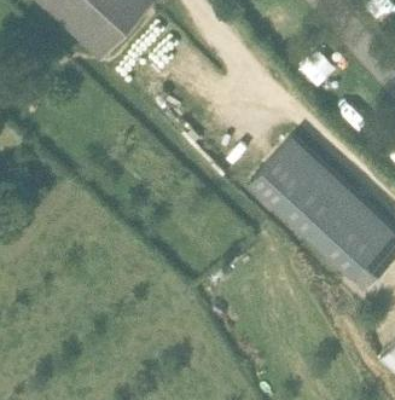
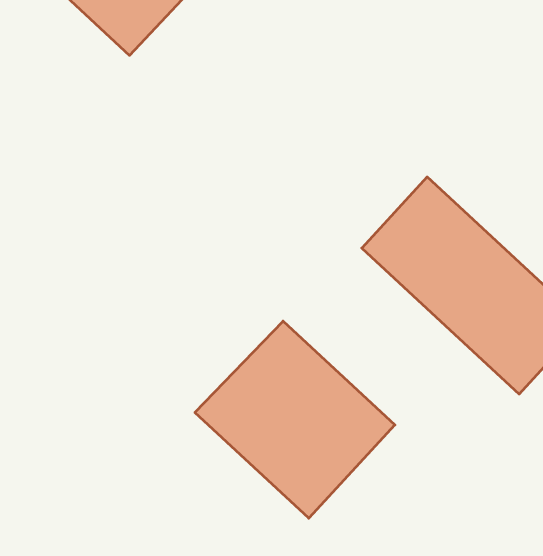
building: none -> [195,321,395,518]

